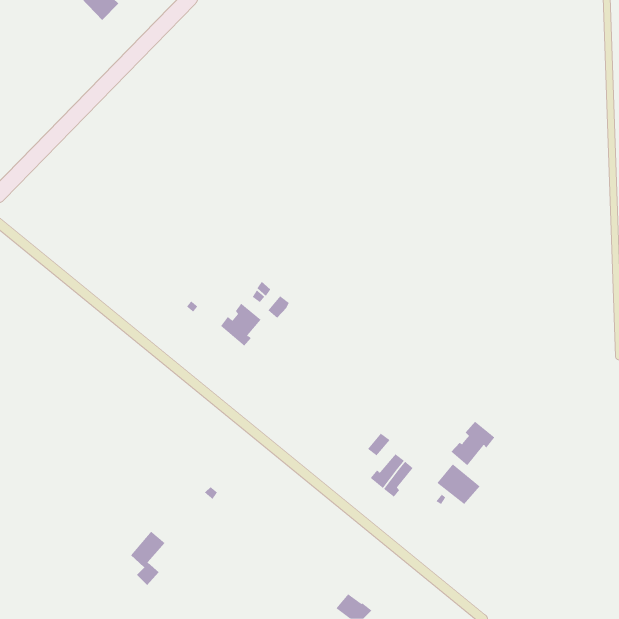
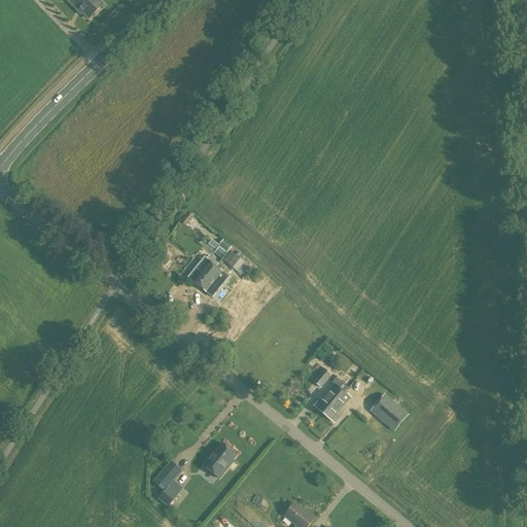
building: [451,421,495,466] -> none
building: none -> [203,443,236,477]
building: [130,531,166,586] -> [151,459,181,505]

